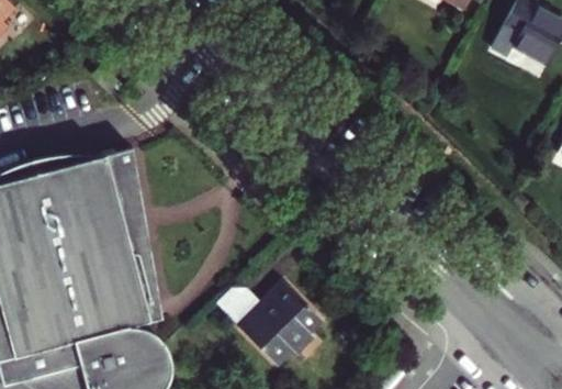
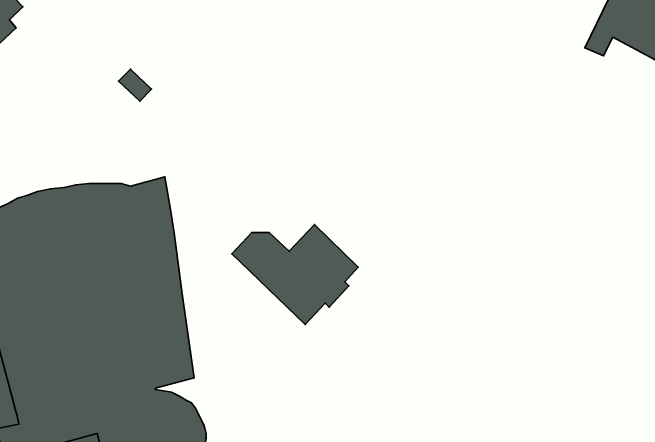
building: [213,287,317,369] -> [232,225,358,324]

